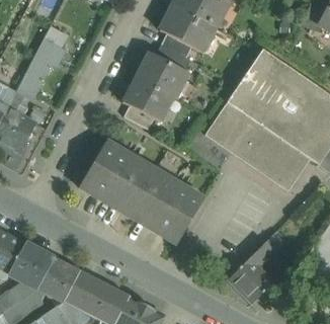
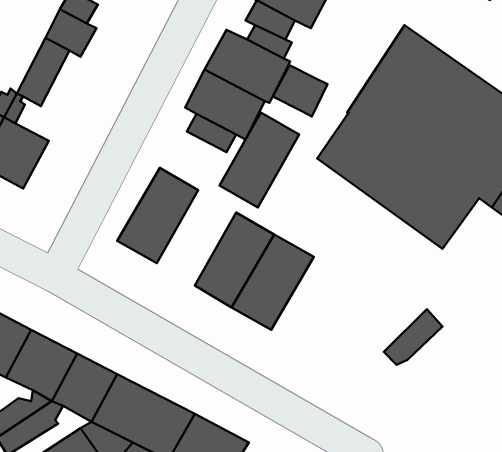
building: none -> [273,65,328,117]
building: [105,154,156,215] -> [220,112,299,208]
building: [228,257,275,304] -> none

